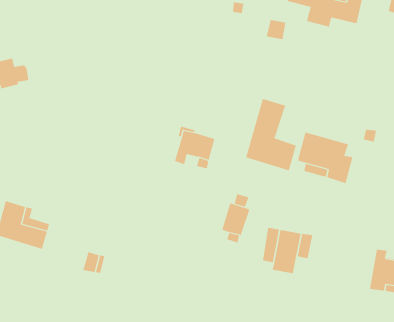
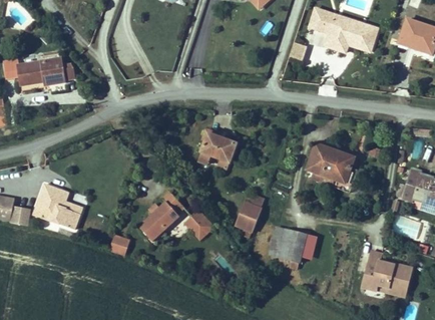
building: [246,98,297,171] -> none
building: none -> [138,190,183,240]
building: none -> [184,209,214,239]

